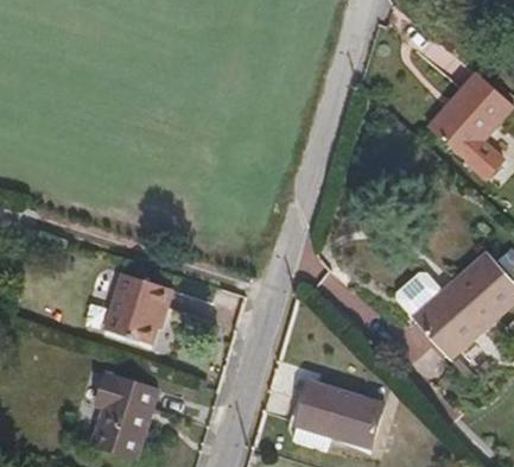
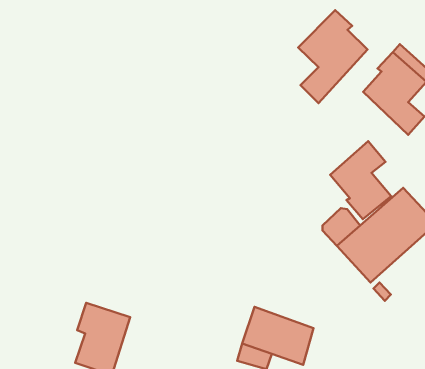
building: none -> [298,10,368,103]
building: none -> [330,141,391,219]
building: [106,274,173,346] -> none

